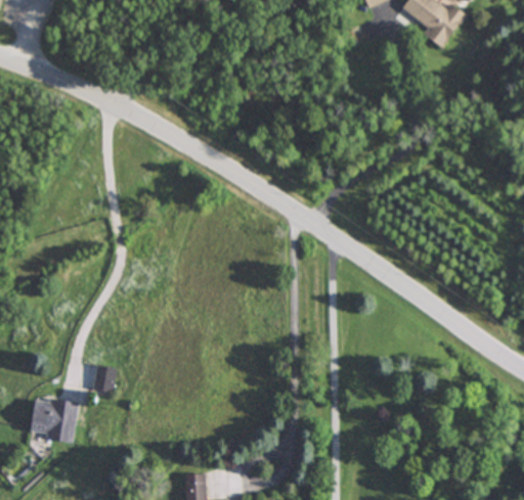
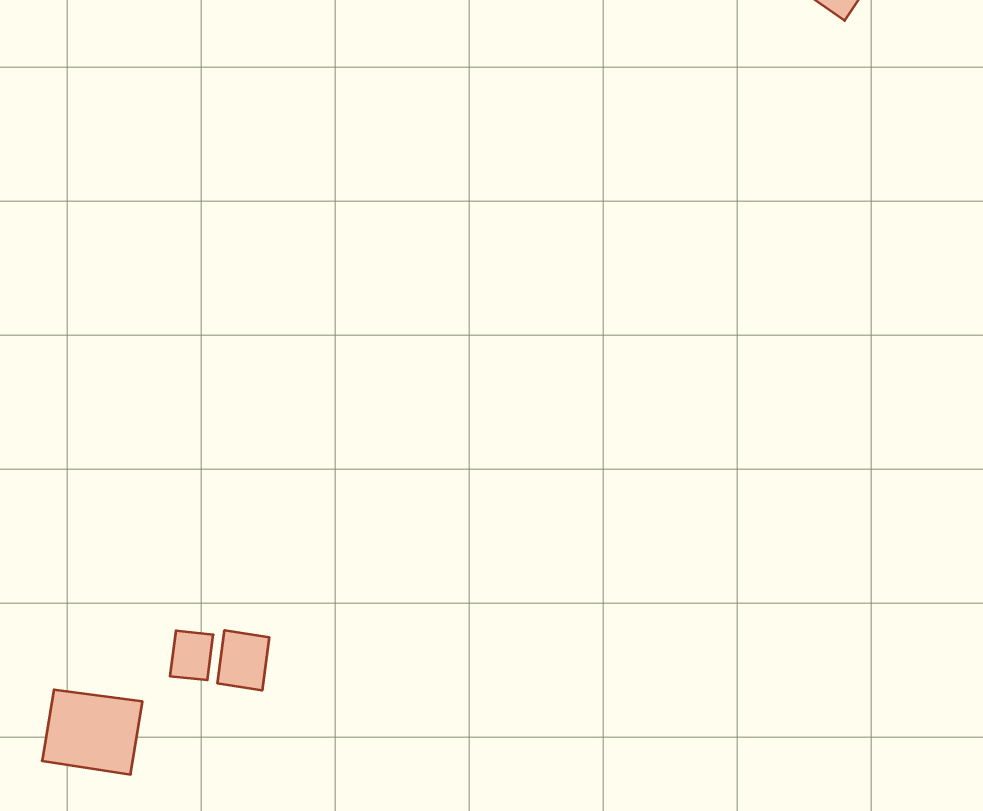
building: none -> [218,630,269,690]

